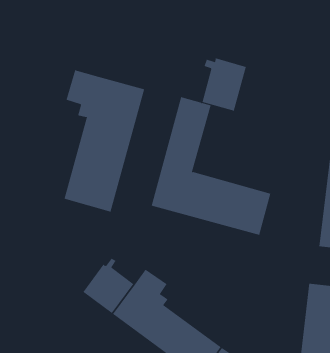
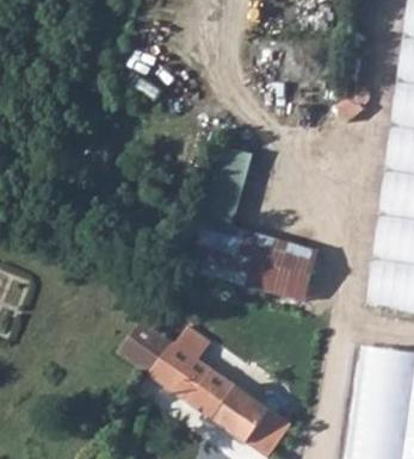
building: [202,58,246,111] -> none
building: [64,70,145,213] -> none

